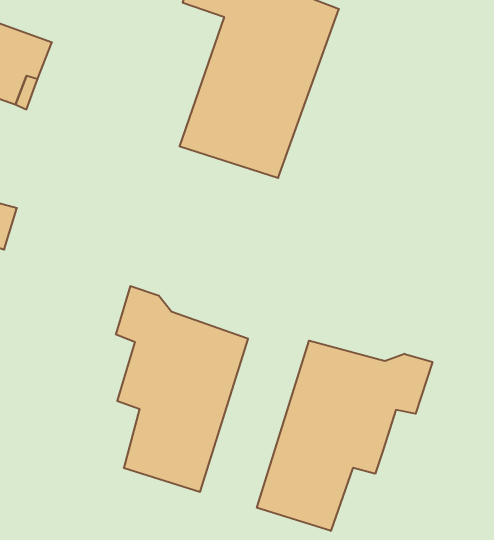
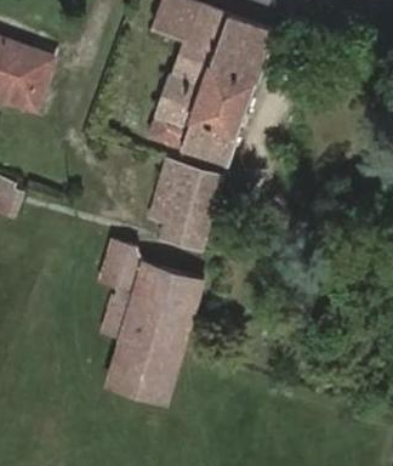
building: none -> [149,160,221,250]
building: [257,341,432,531] -> none

